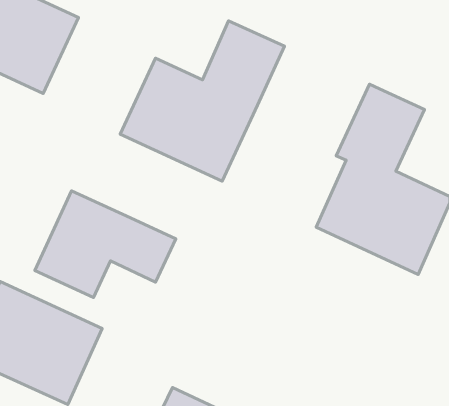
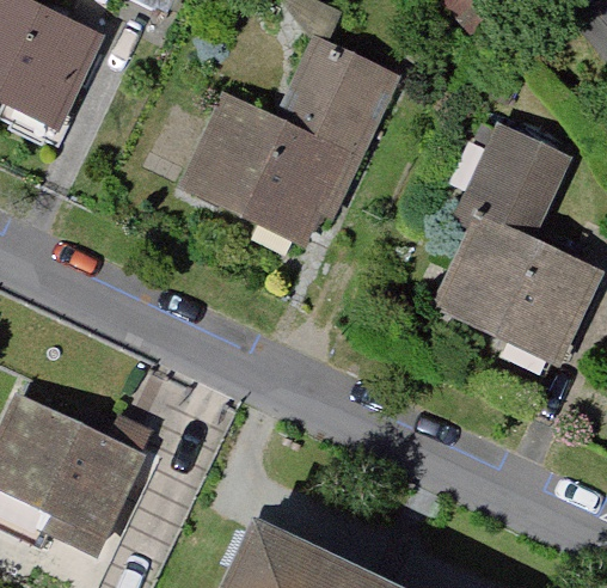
building: [35,191,176,297] -> none

